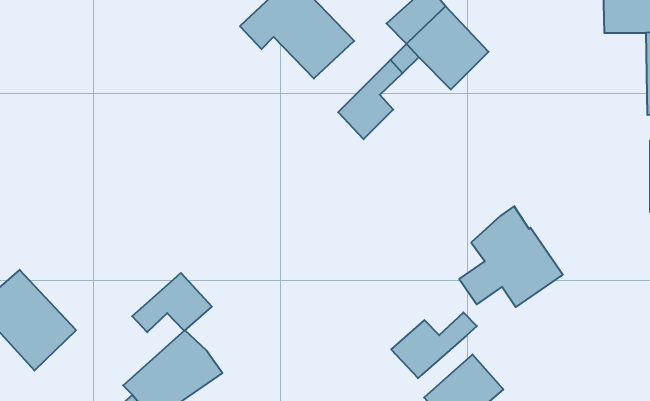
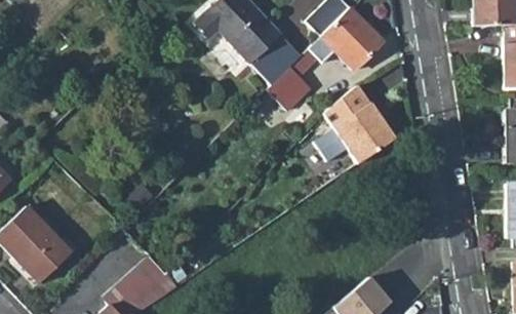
building: none -> [250,33,302,84]
building: [459,206,563,307] -> [315,86,394,163]
building: [132,273,212,332] -> none
building: [391,312,477,378] -> none

